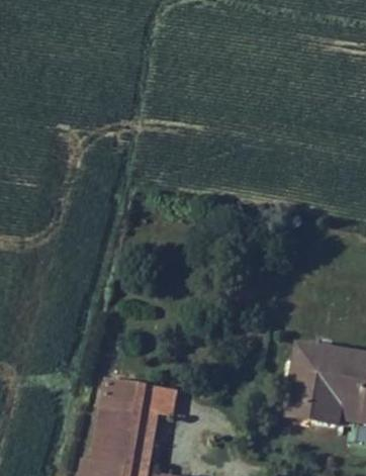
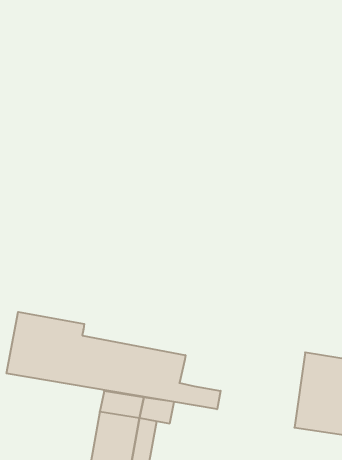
building: none -> [7,312,221,409]

